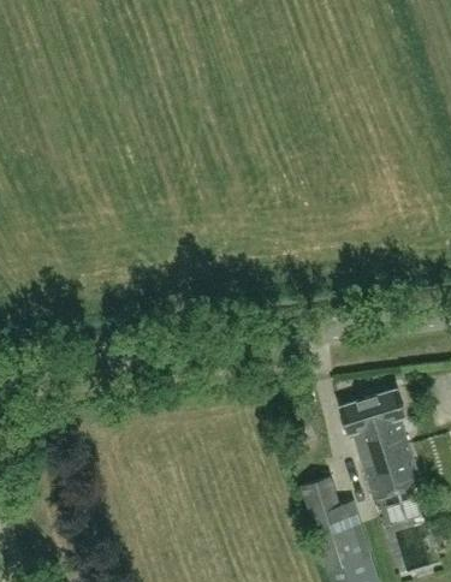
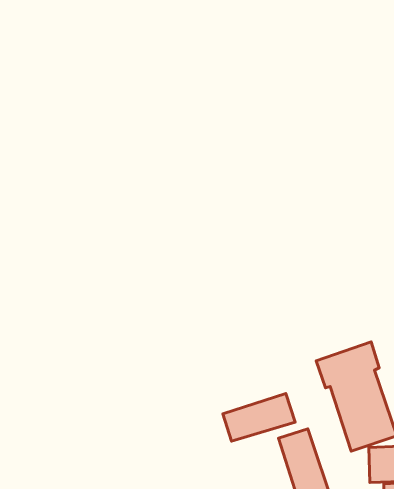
building: none -> [223,394,295,441]

